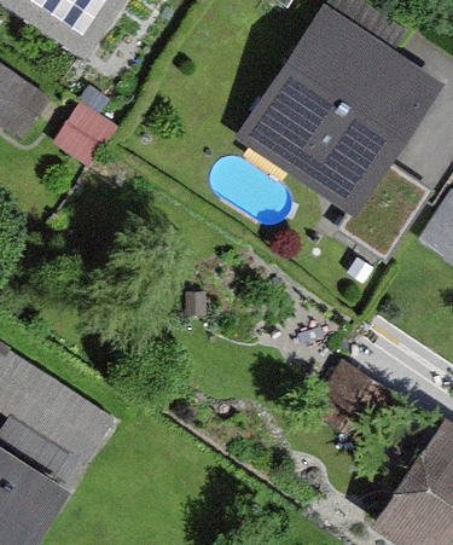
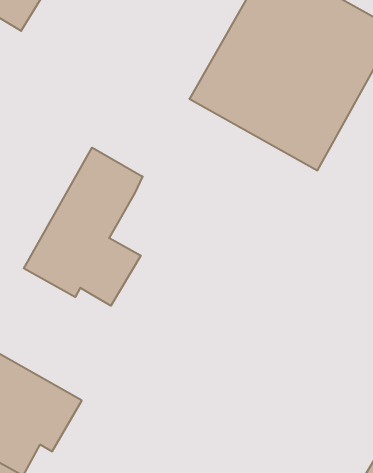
building: none -> [24,148,143,306]

